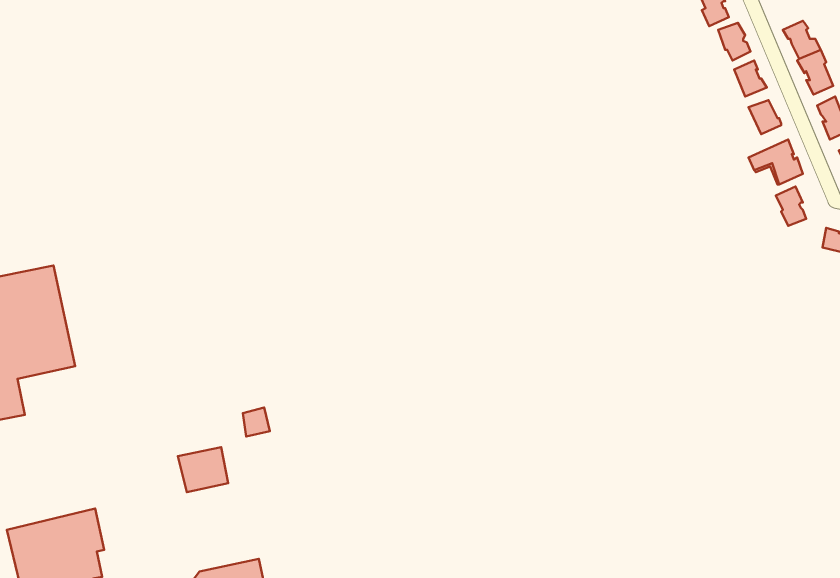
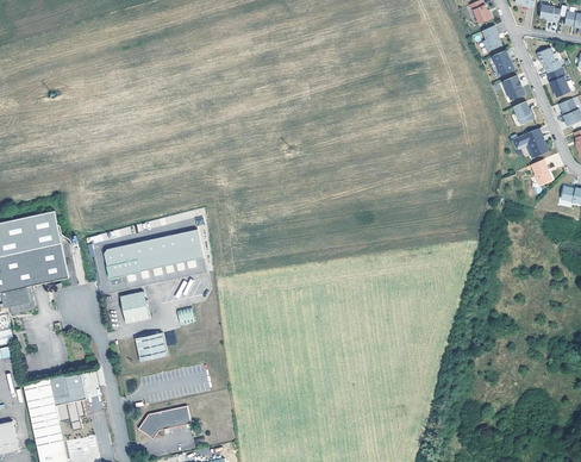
building: none -> [105,229,204,279]
building: none -> [120,291,150,321]

